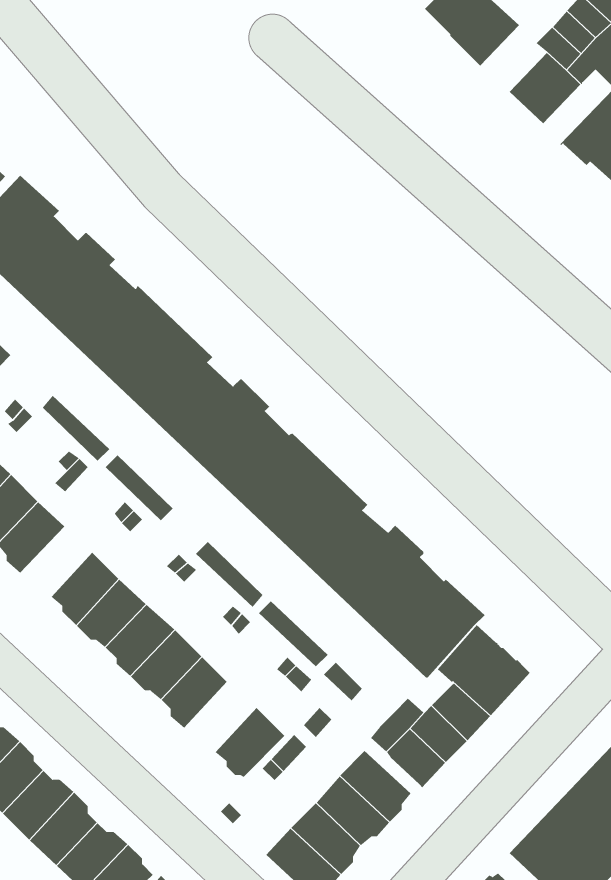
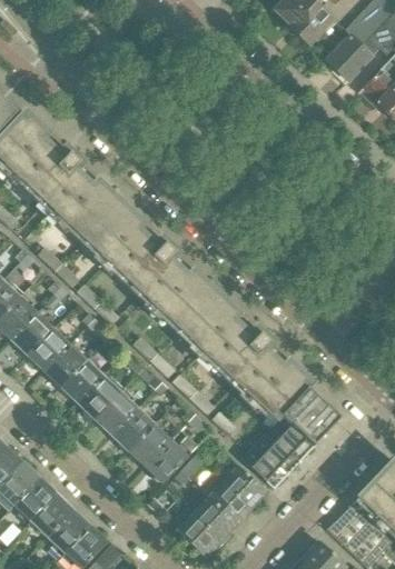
building: none -> [24,327,69,370]
building: none -> [126,422,170,466]

